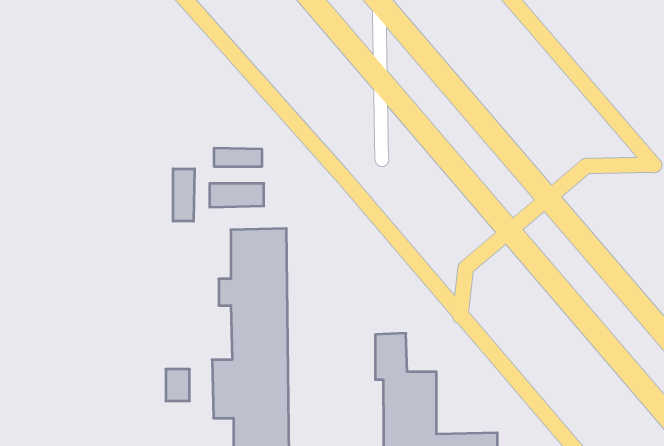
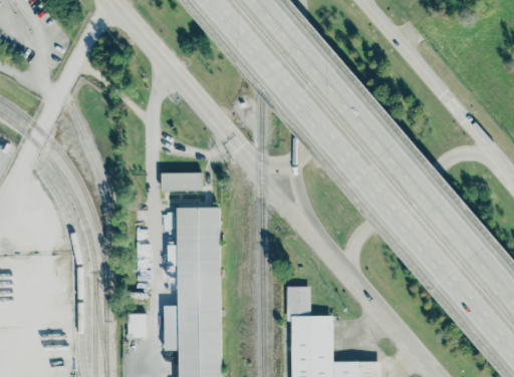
building: [214,148,262,167] -> none
building: [173,169,195,221] -> none

